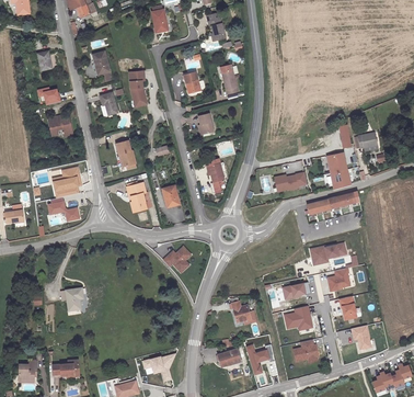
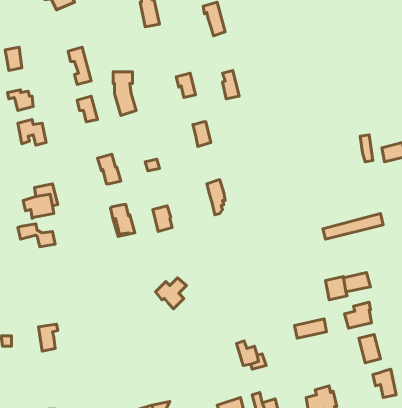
building: [326,151,350,189] -> none
building: [274,171,307,193] -> none
building: [285,306,313,330] -> none

